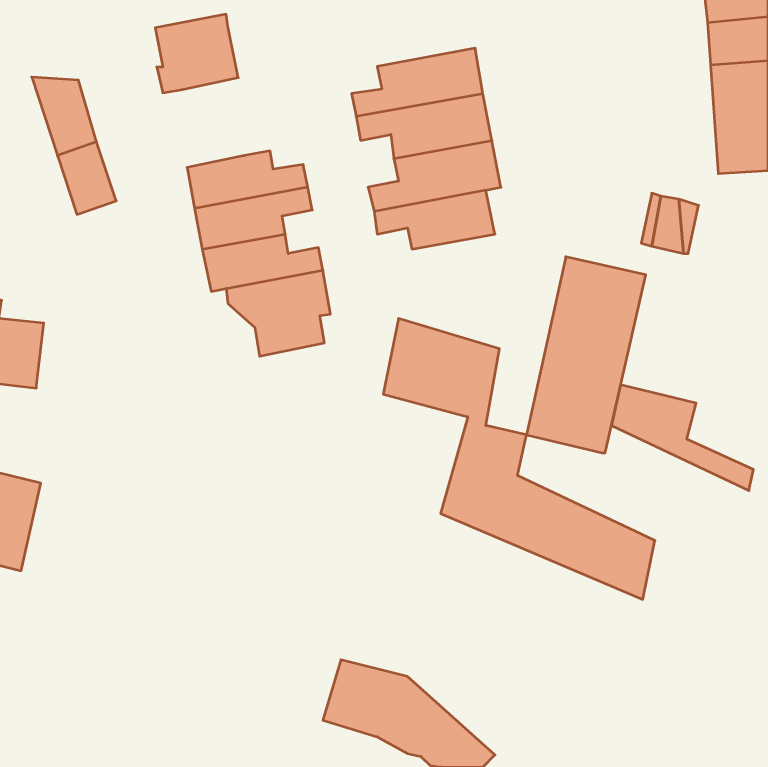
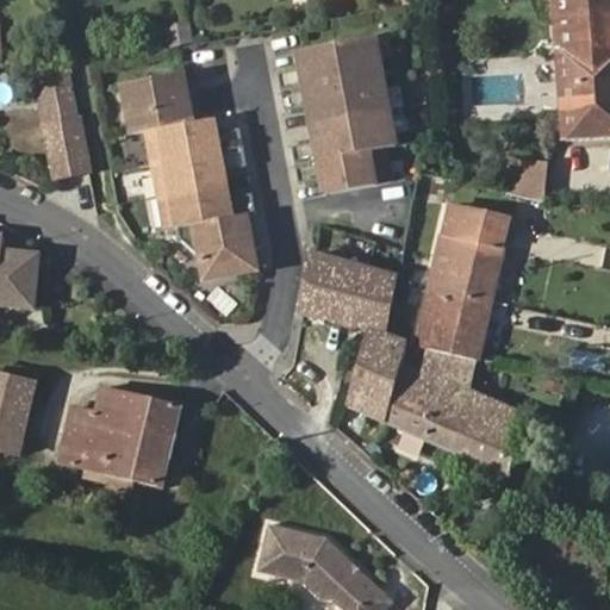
building: [155,14,238,93] -> [127,73,193,135]
building: [612,385,753,491] -> [409,343,521,427]
building: none -> [56,386,181,485]

